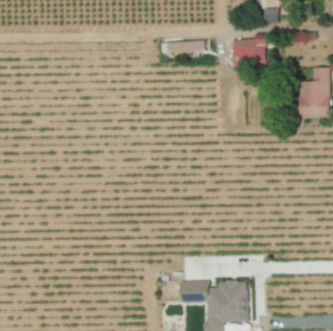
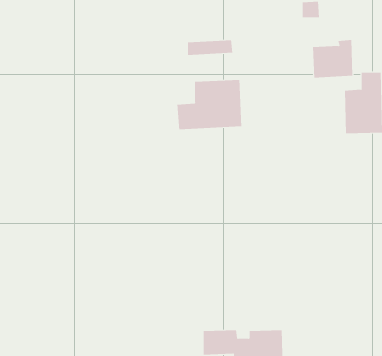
building: [232,33,266,65] -> [312,40,353,78]
building: none -> [177,79,242,130]

